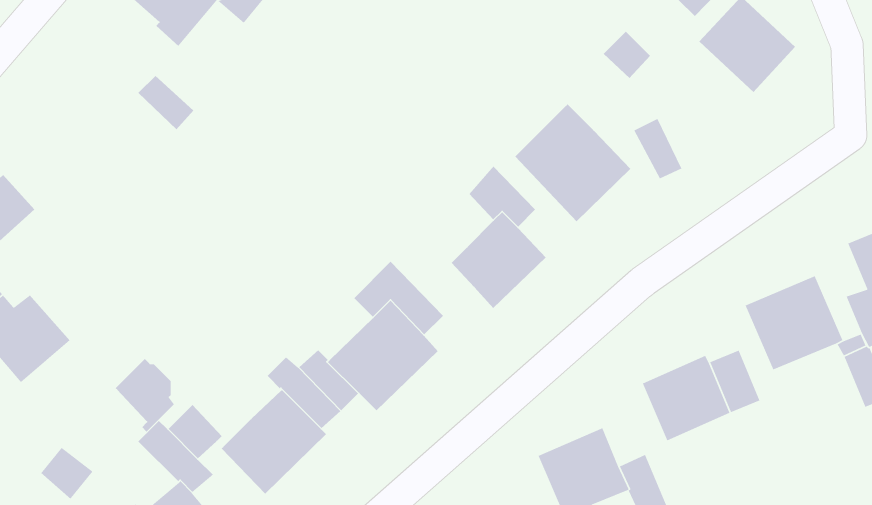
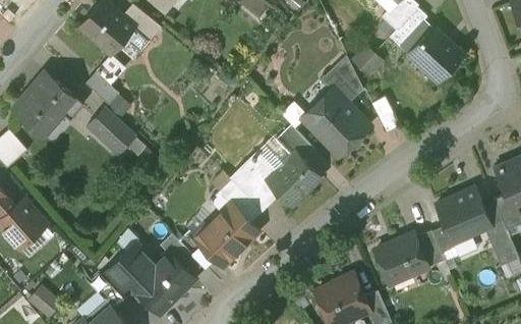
building: none -> [322,55,363,104]
building: none -> [12,72,83,138]
building: none -> [86,106,129,149]
building: none -> [231,152,279,211]
building: [115,358,175,432] -> [116,244,151,286]

